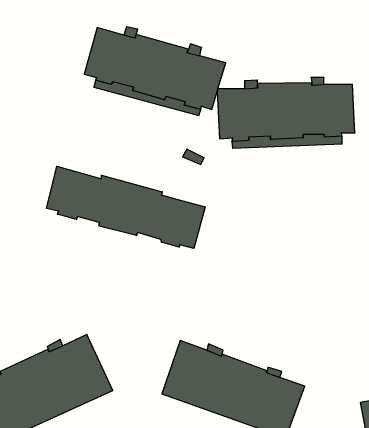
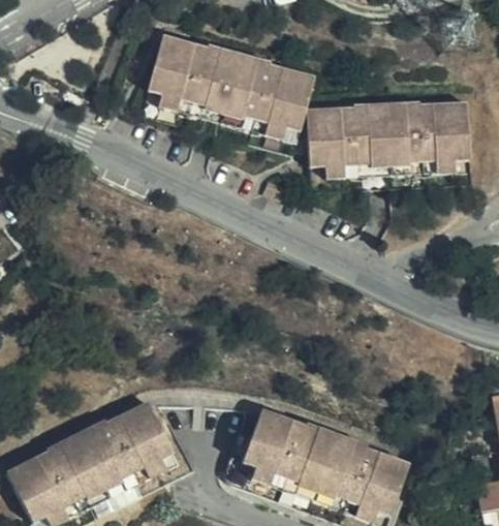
building: [46,166,205,248] -> none

